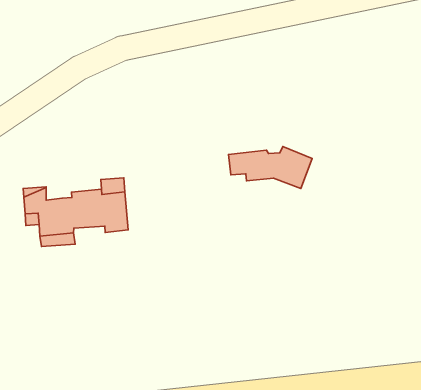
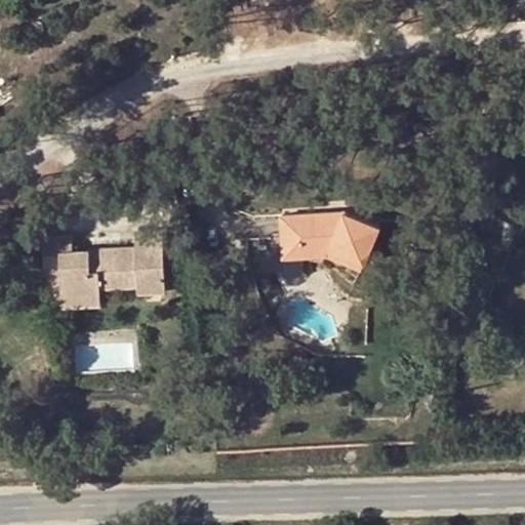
building: none -> [284,241,364,271]

